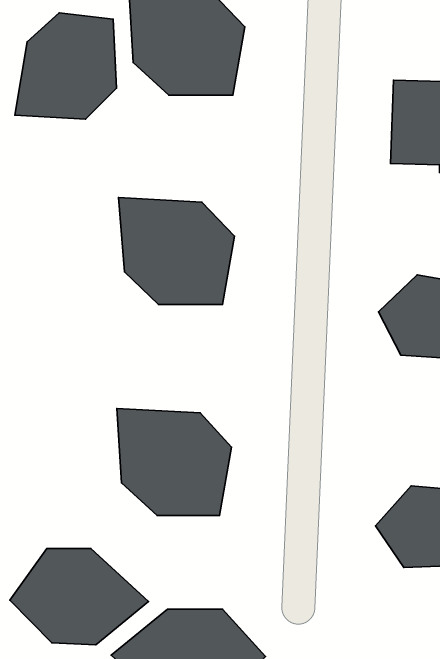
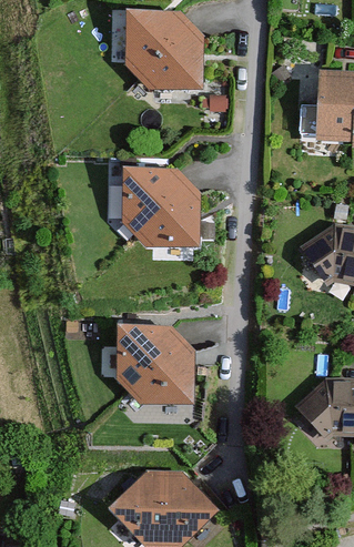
building: [15,13,116,119] -> none
building: [10,548,149,645] -> none

